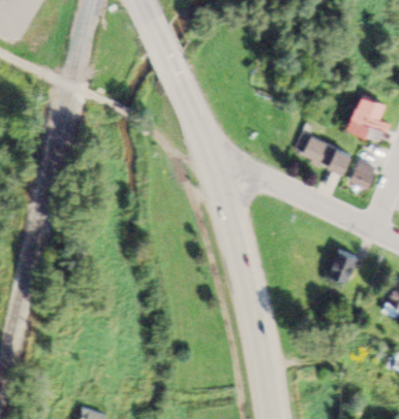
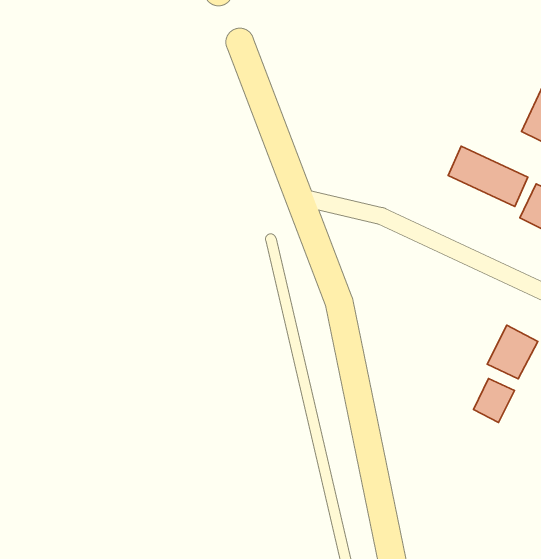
building: none -> [474,378,514,422]

